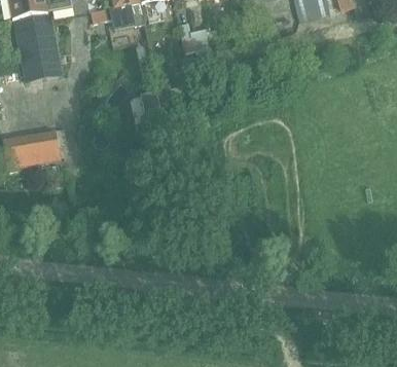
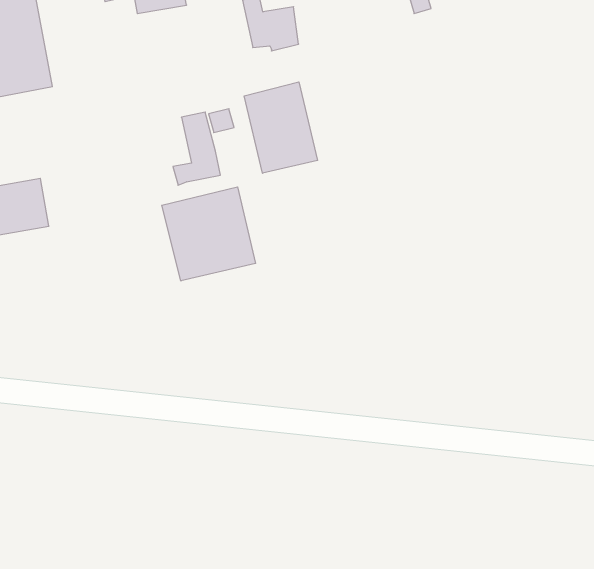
building: none -> [244,82,318,173]
building: none -> [162,187,256,281]

